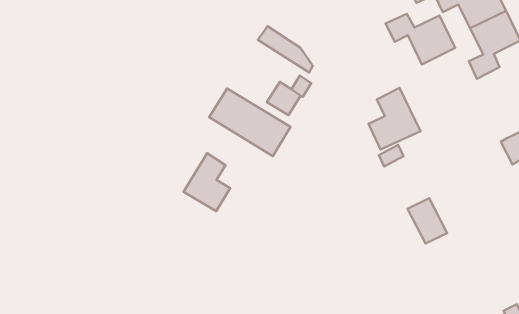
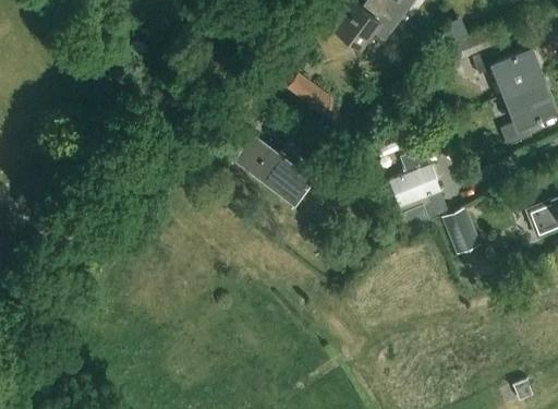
building: [385,14,455,64] -> none
building: [183,153,230,211] -> none
building: [407,198,447,244] -> [445,212,483,257]

